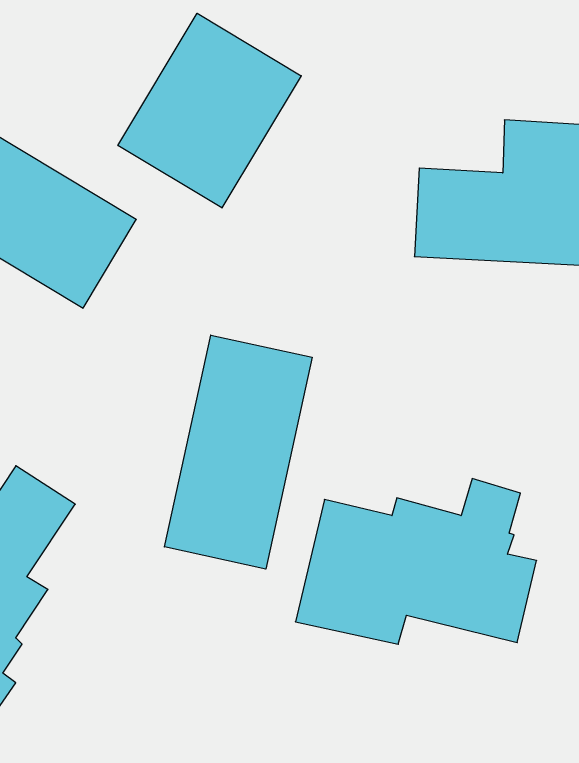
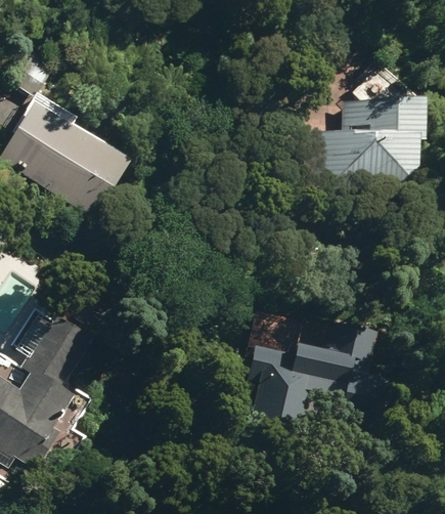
building: [118,13,301,208] -> none
building: [164,335,312,569] -> none

